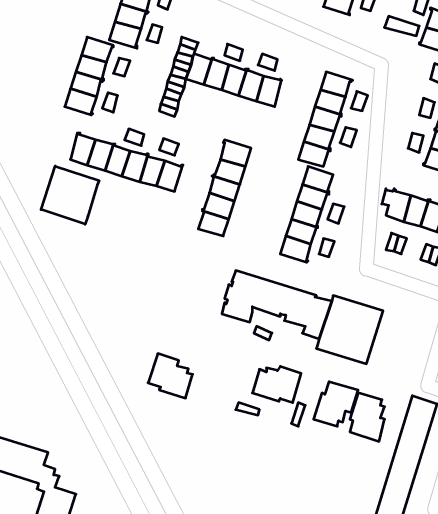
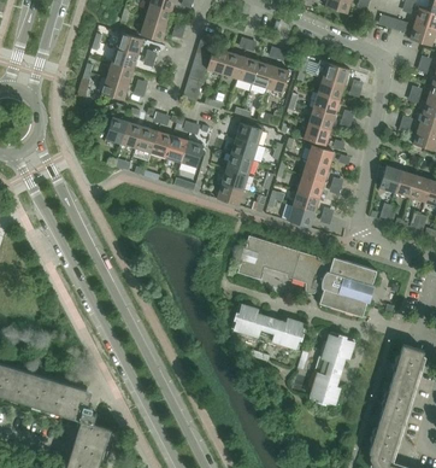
building: [41,166,99,224] -> none
building: [148,354,193,398] -> [231,303,270,341]
building: [350,393,385,441] -> [310,364,340,406]

